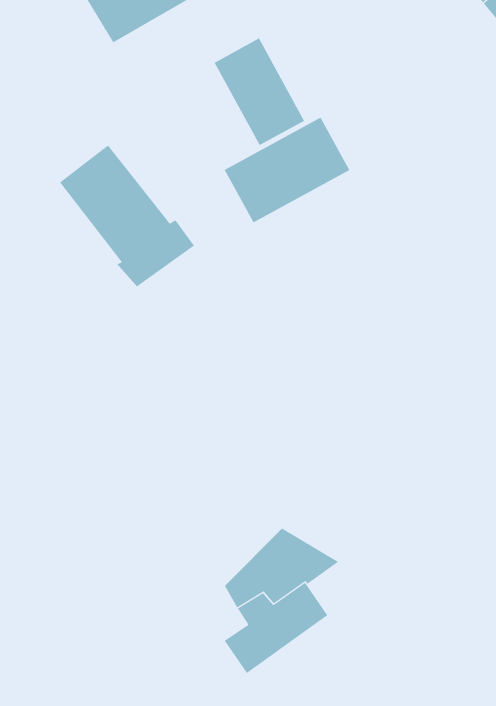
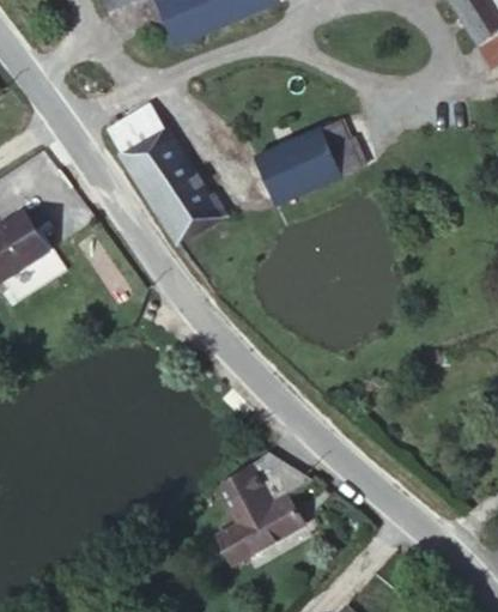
building: [214,38,305,146] -> none
building: none -> [108,103,163,152]

